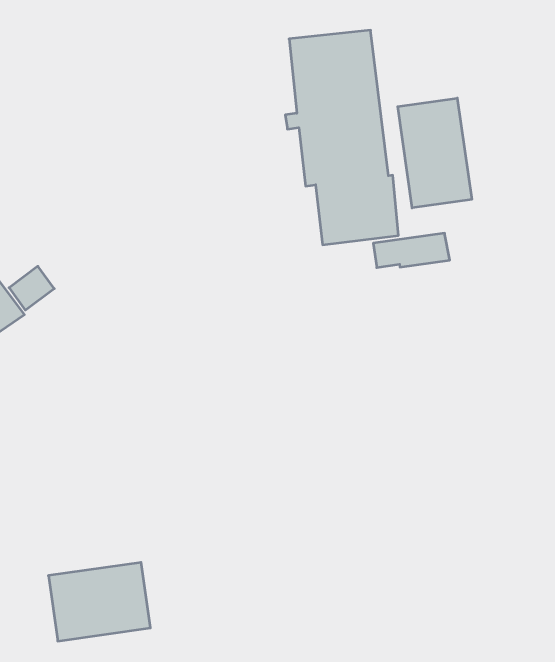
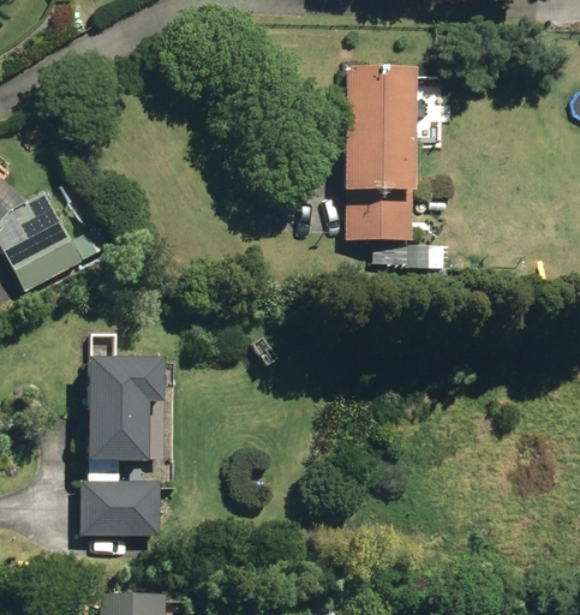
building: [398,98,472,208] -> none
building: none -> [79,357,159,461]

